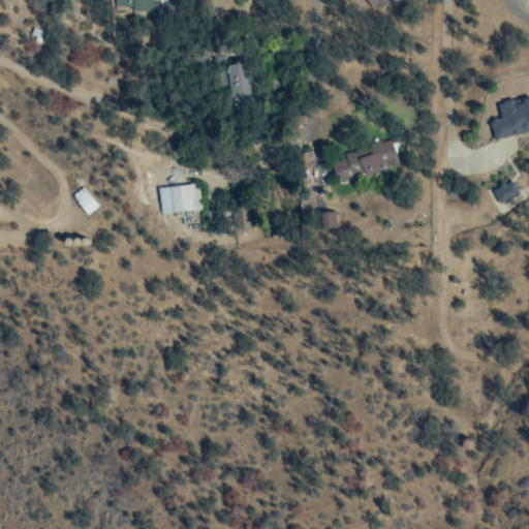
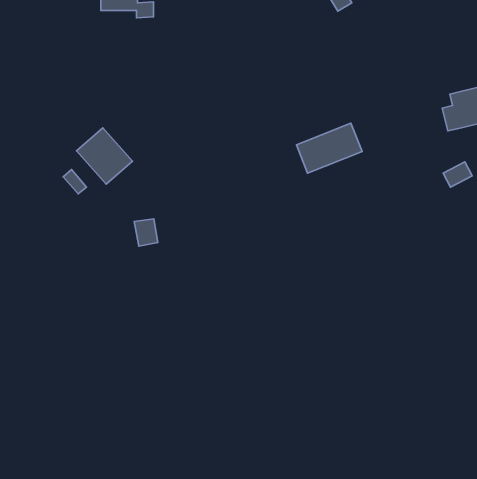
building: [227,60,256,94] -> none
building: none -> [77,128,133,184]
building: [170,182,196,212] -> [134,219,158,246]

